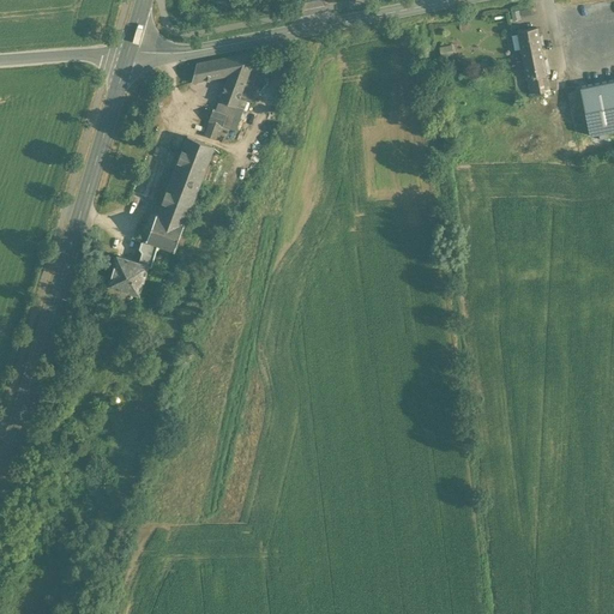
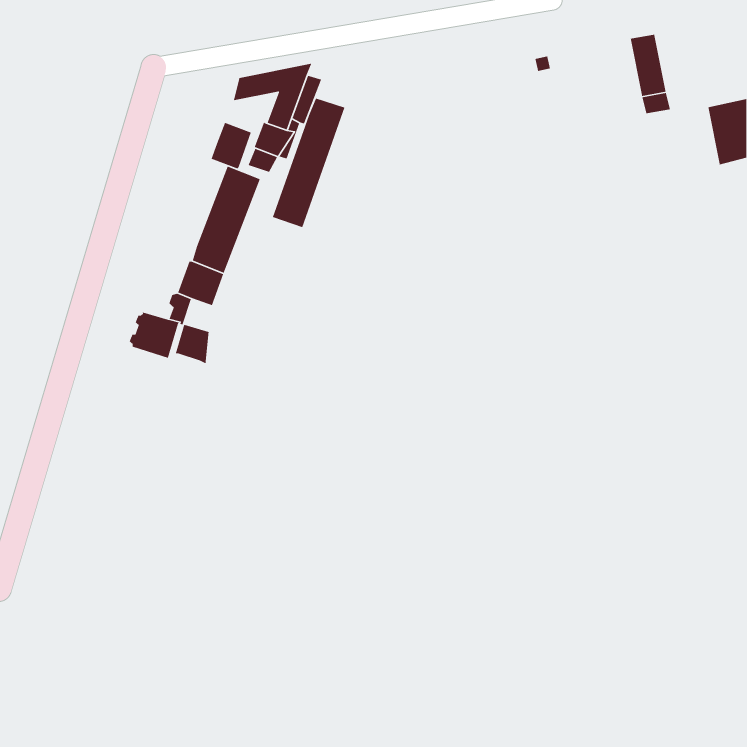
building: none -> [272,97,346,228]
building: none -> [210,122,252,170]
building: none -> [175,323,209,364]

